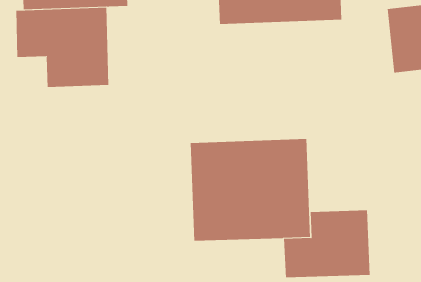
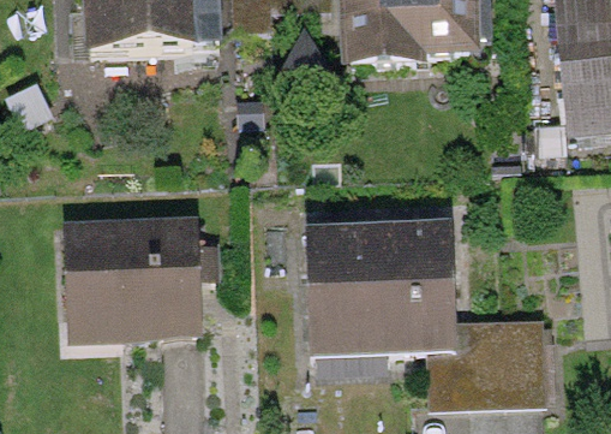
building: [16,7,109,88] -> none
building: none -> [61,214,202,334]

